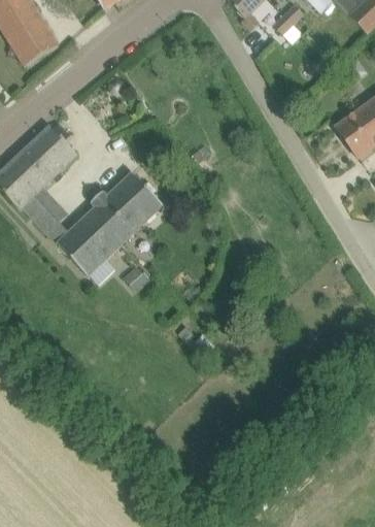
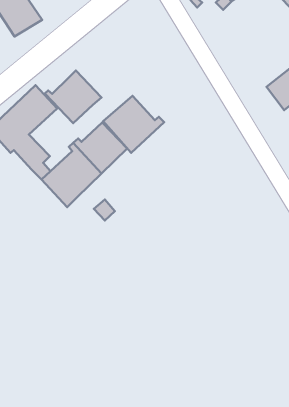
building: none -> [45,70,101,123]
building: none -> [103,96,164,153]

